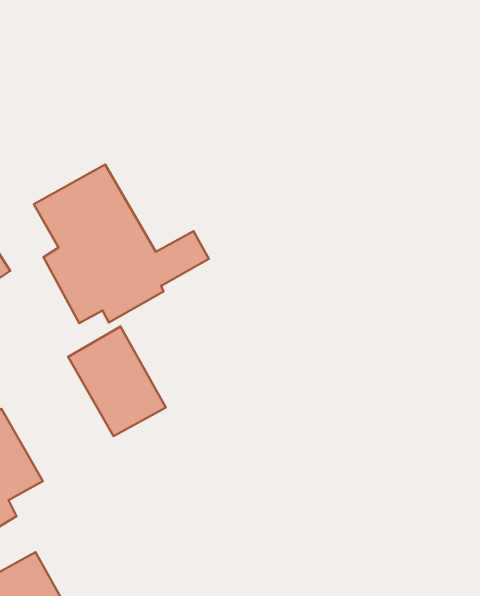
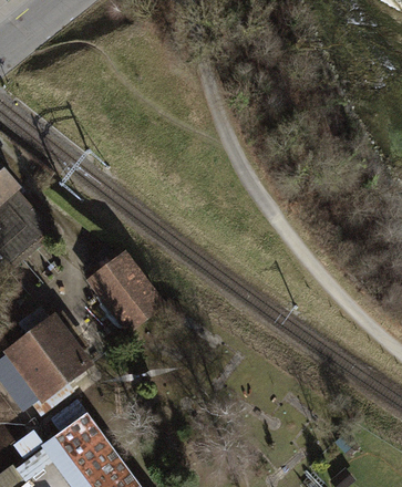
building: [34,164,209,323] -> none

